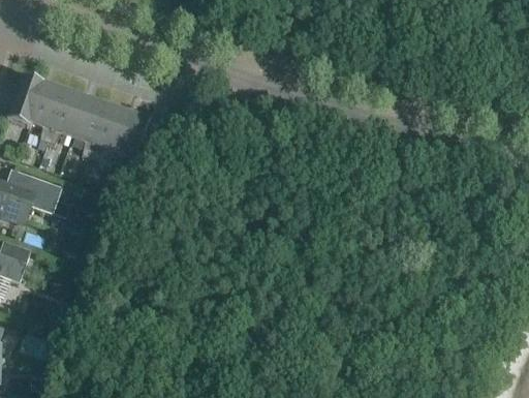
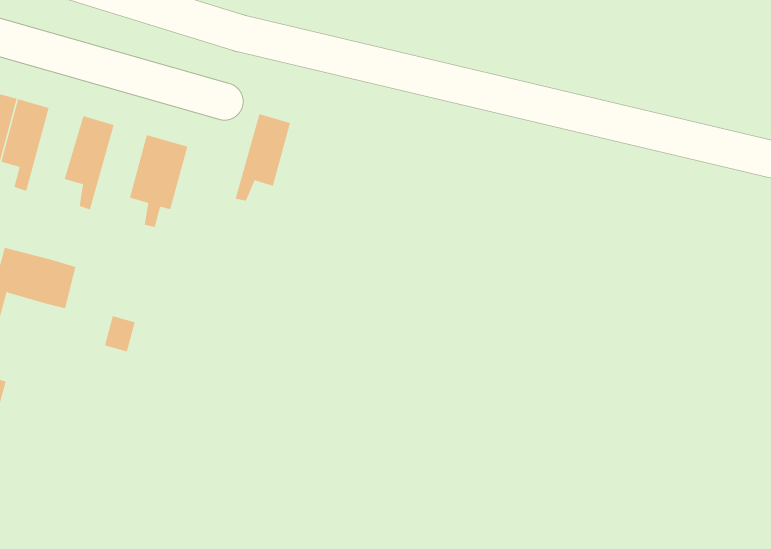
building: [40,86,79,141] -> none
building: [80,99,118,154] -> [235,113,291,201]

